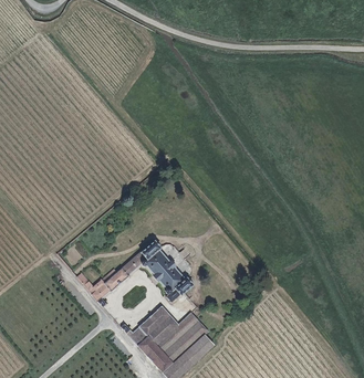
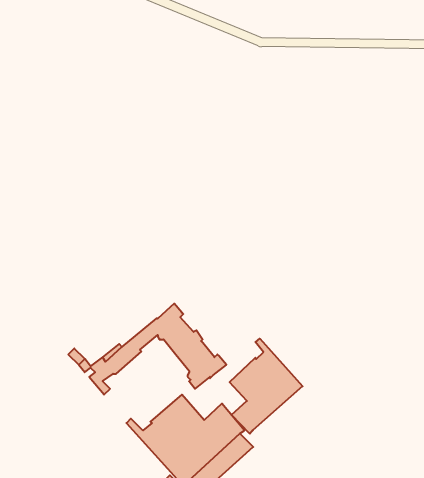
building: none -> [230,339,303,434]

